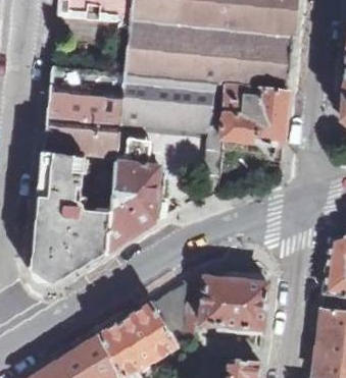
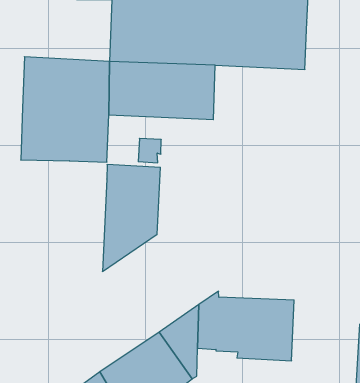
building: [200,83,287,200] -> none
building: [31,153,114,284] -> none

